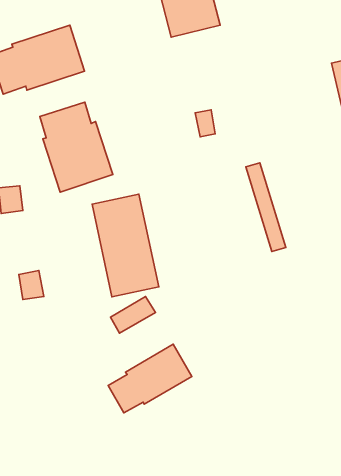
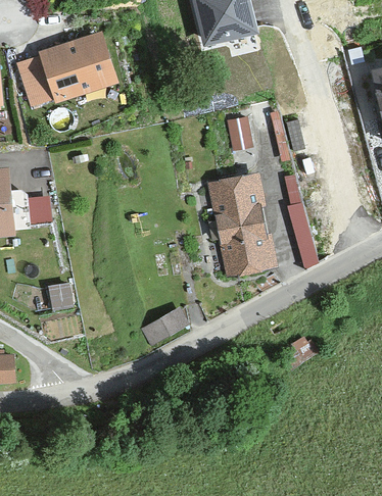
building: [40,102,113,192] -> none
building: [92,194,159,297] -> [206,173,275,279]
building: [108,344,192,413] -> none

